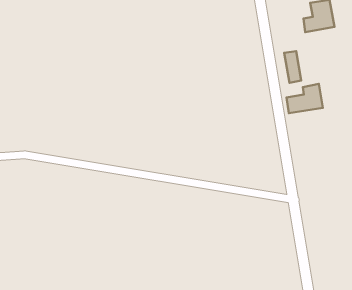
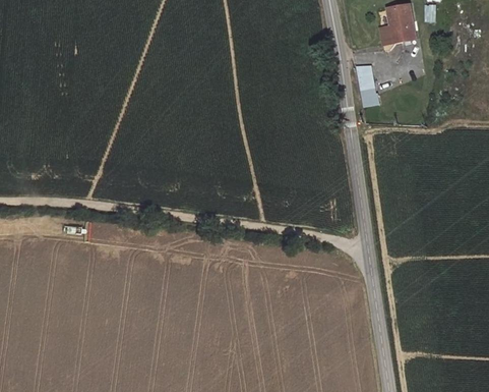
building: [286,84,323,113] -> none

